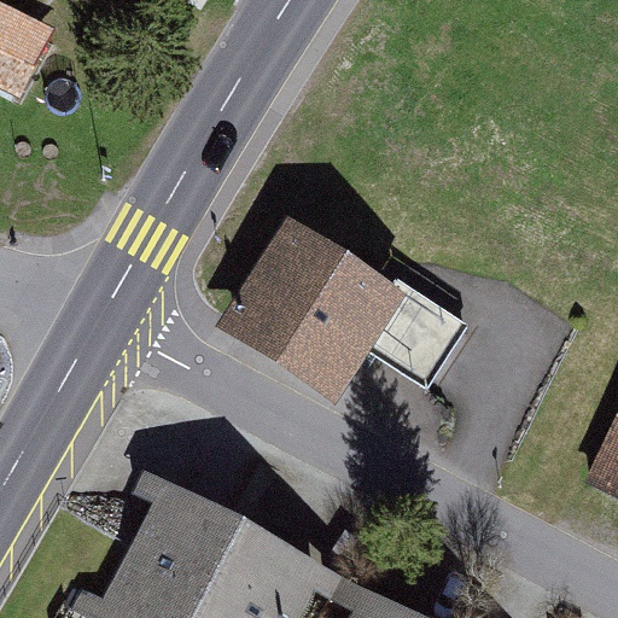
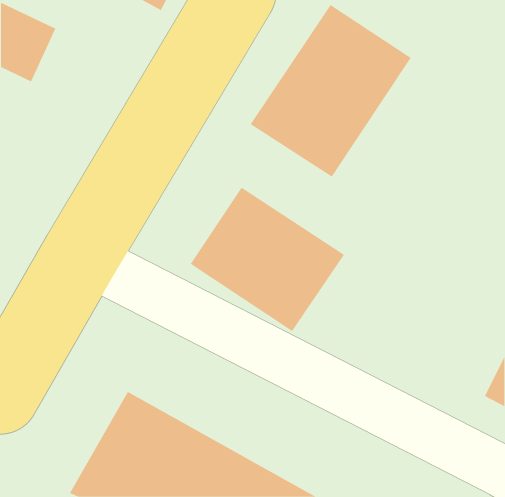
building: none -> [250,4,412,178]

